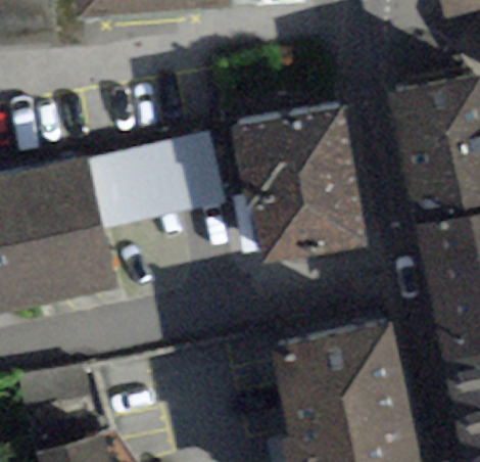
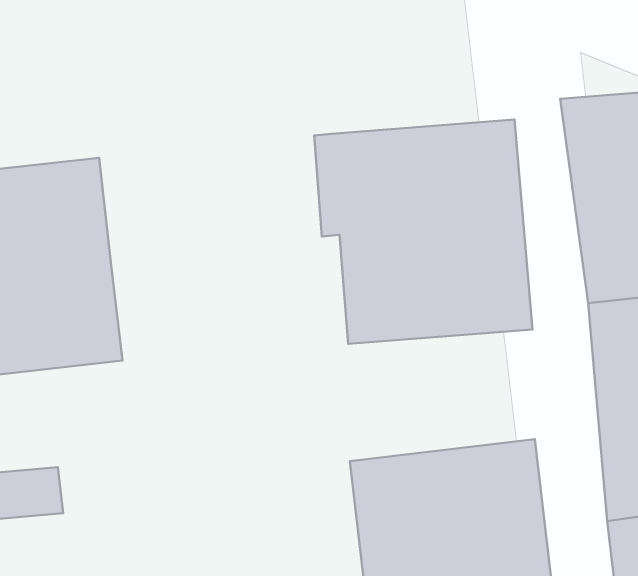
building: [89,132,225,227] -> none

